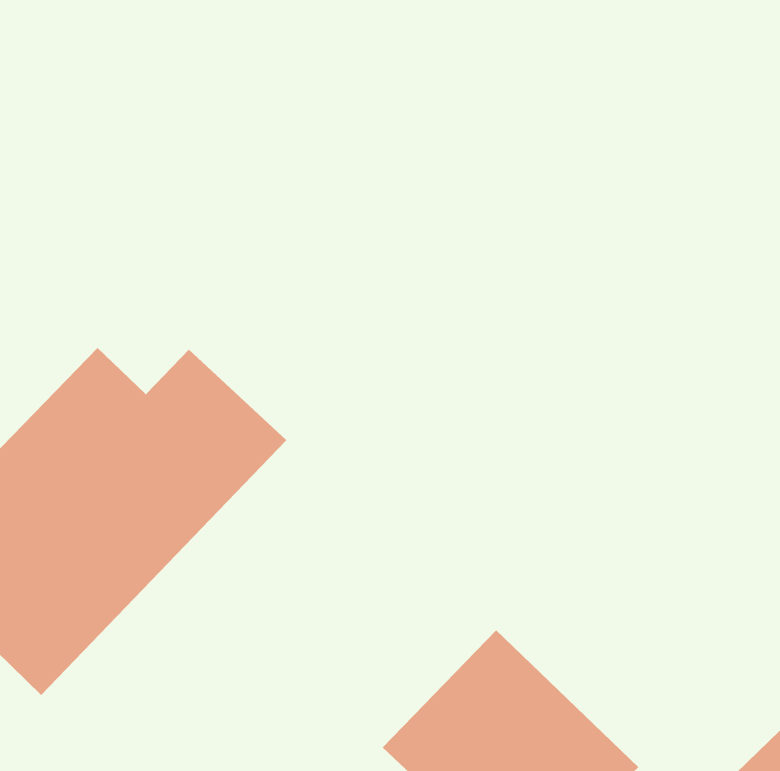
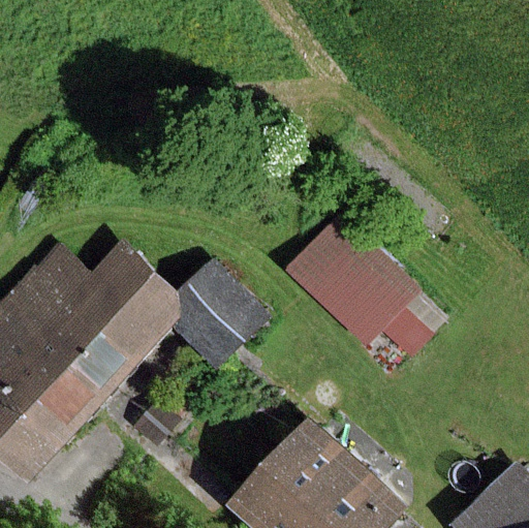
building: none -> [288,215,440,363]
building: none -> [175,276,261,361]

